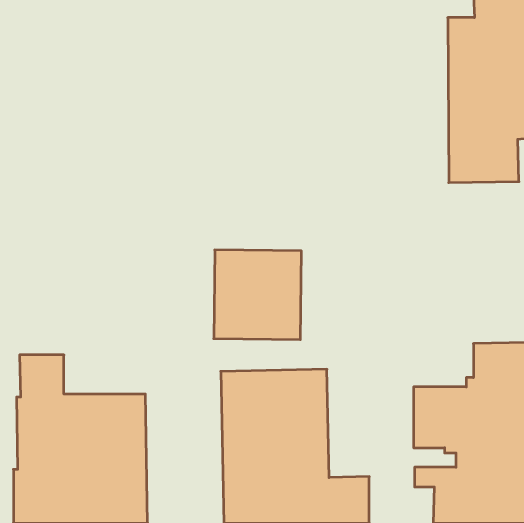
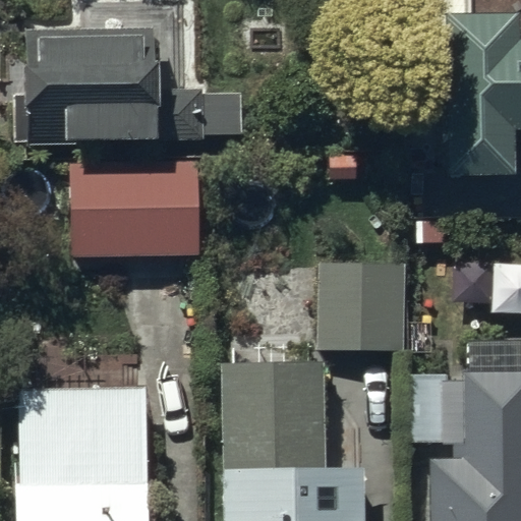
building: none -> [21,31,243,148]
building: none -> [70,163,201,258]
building: [214,250,301,340] -> [320,264,406,352]

